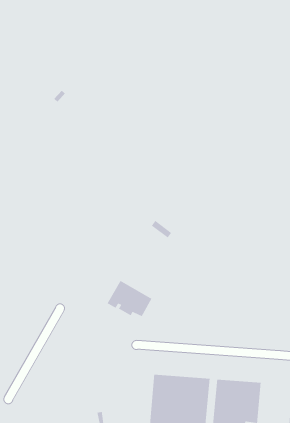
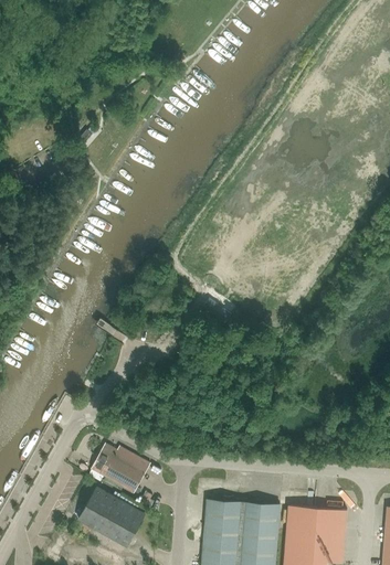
building: [107,280,153,317] -> [88,444,148,492]
building: none -> [78,487,145,546]

